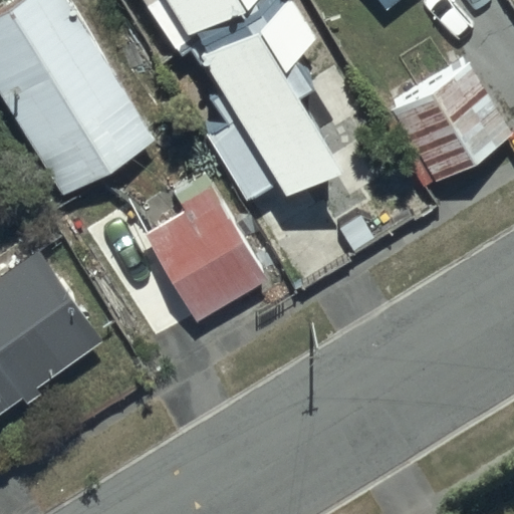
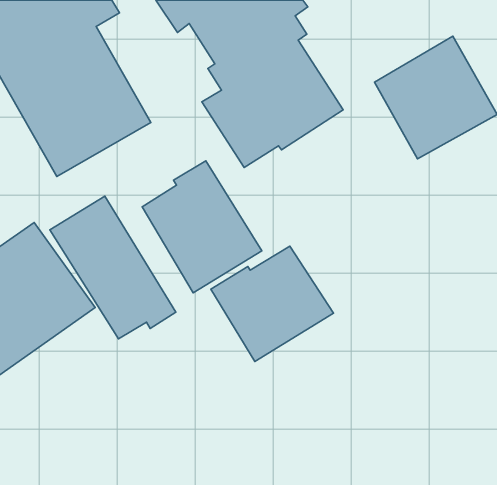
building: none -> [50,196,176,339]
building: none -> [211,246,333,361]

